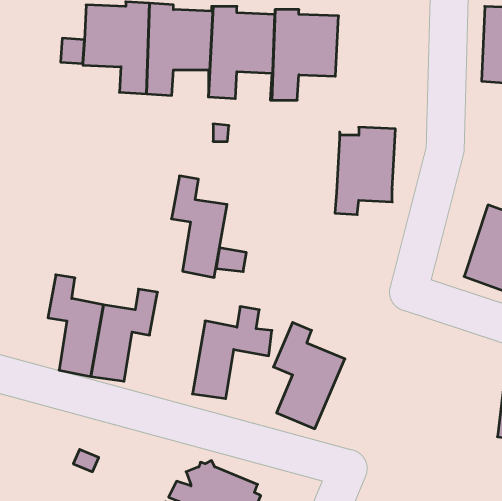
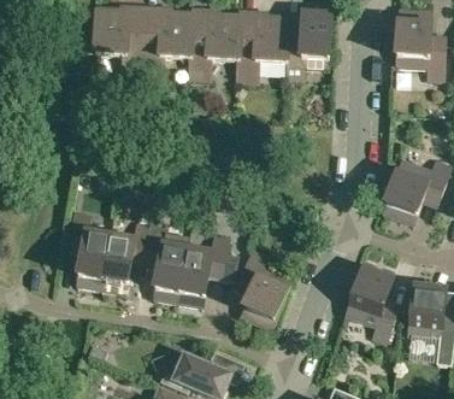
building: [335,127,395,215] -> [284,12,330,78]
building: [171,176,227,277] -> [145,225,187,303]
building: none -> [347,268,397,340]

